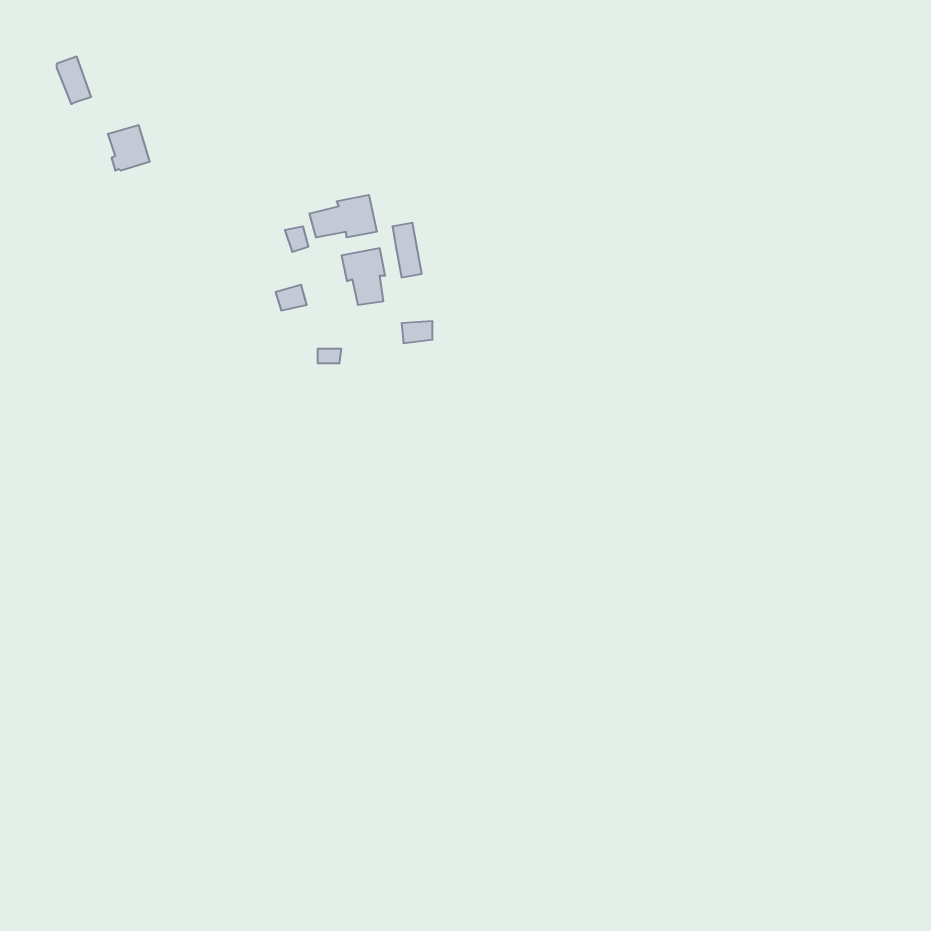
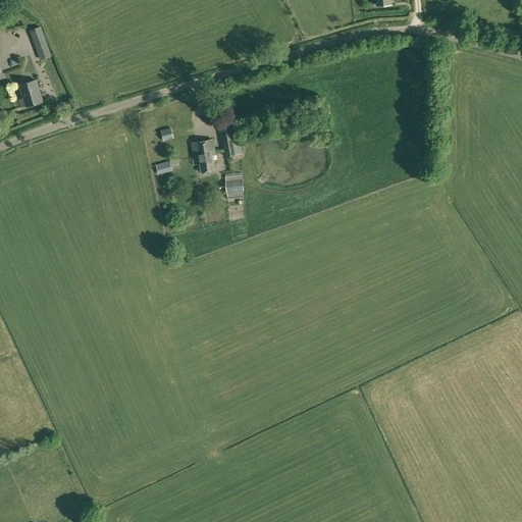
building: [108,125,150,171] -> [18,80,42,105]
building: [310,195,377,238] -> none

